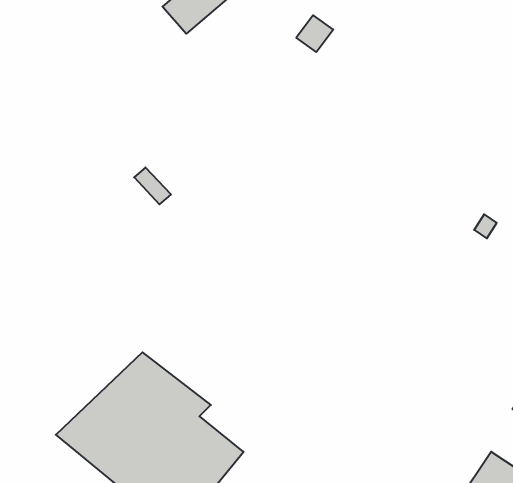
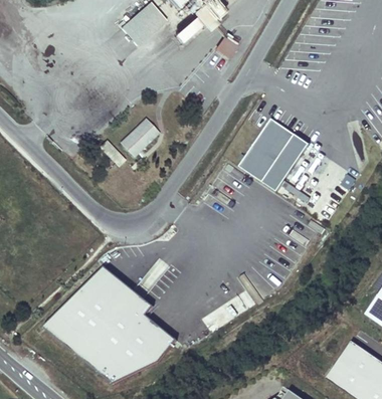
building: none -> [238,119,308,191]
building: none -> [120,120,158,157]

